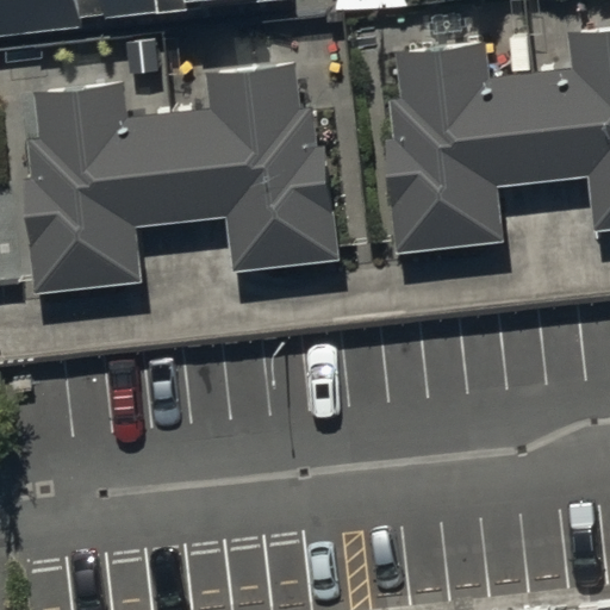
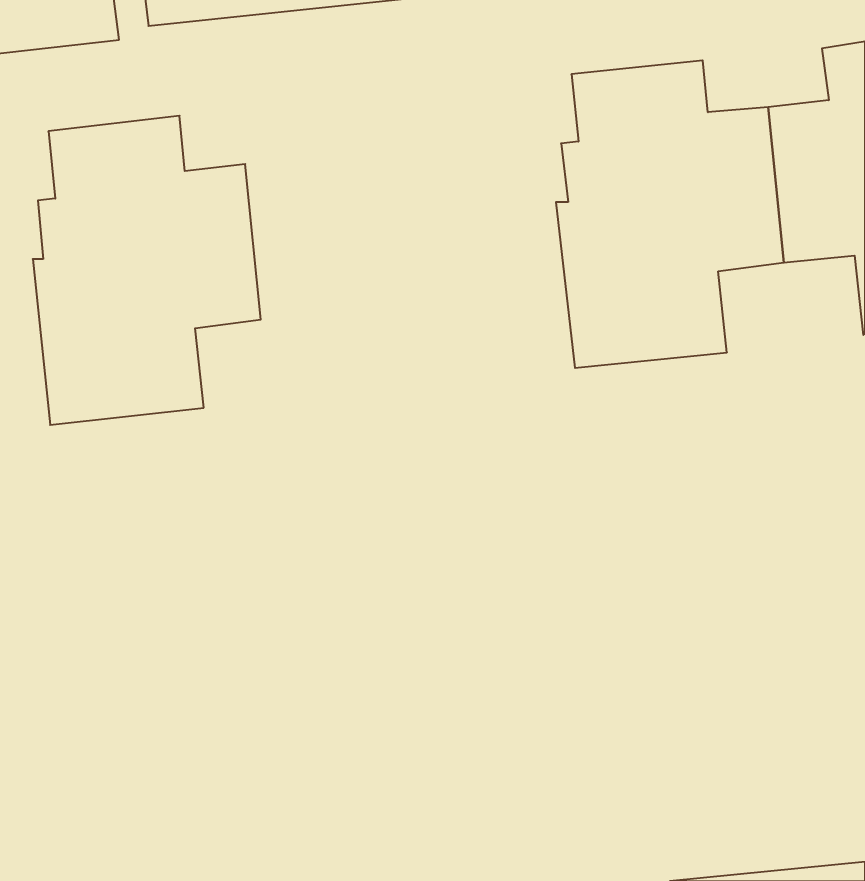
building: [169,63,338,270] -> none

